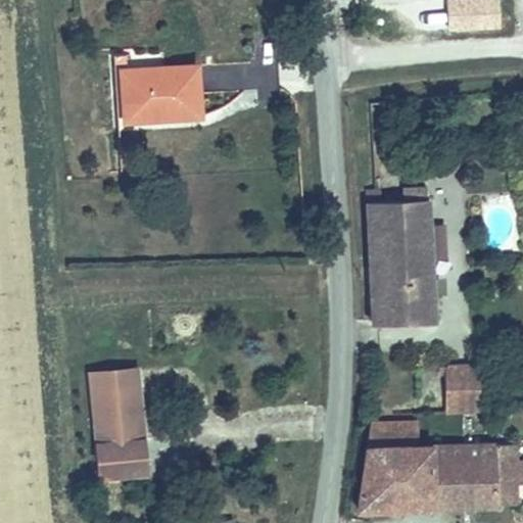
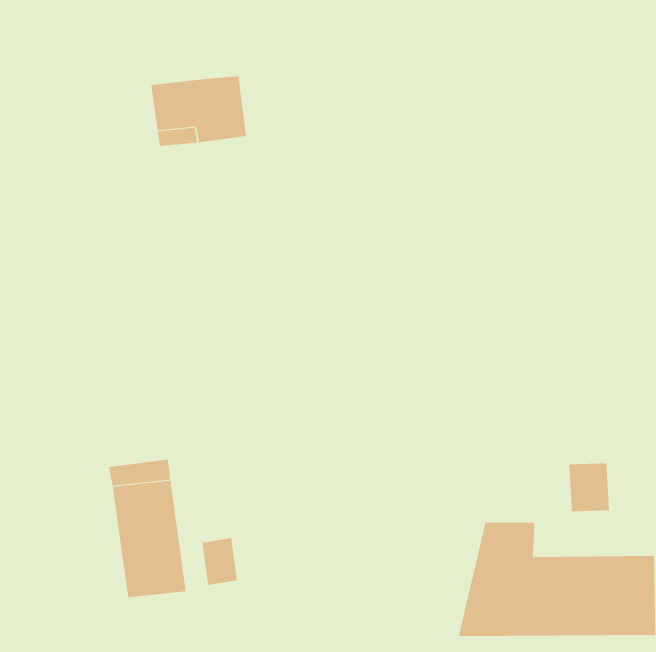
building: [370,199,430,332] -> none
building: none -> [202,537,238,586]

